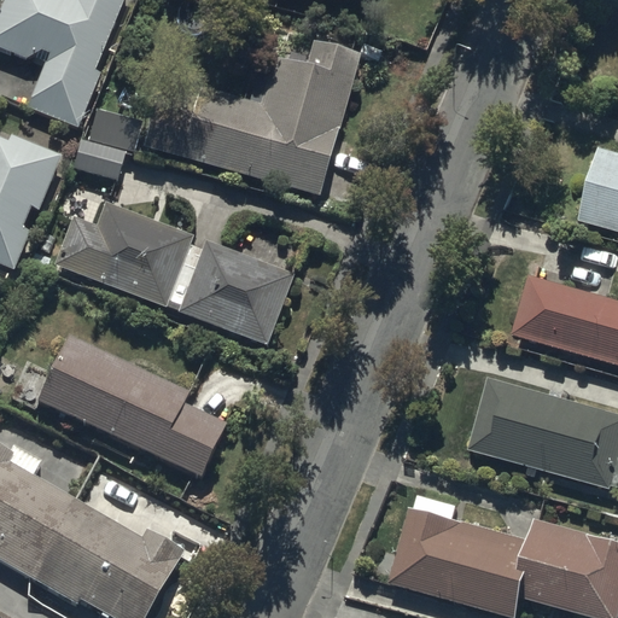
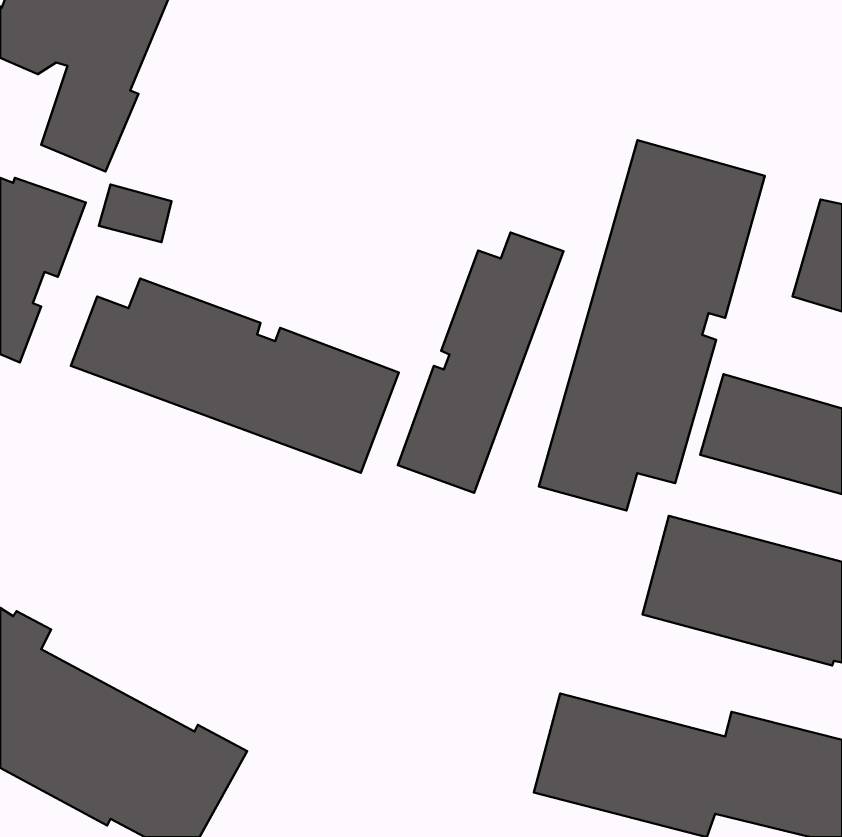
building: [142,41,351,197] -> none
building: none -> [539,140,765,511]
building: none -> [398,232,563,493]
building: [8,334,225,477] -> none

